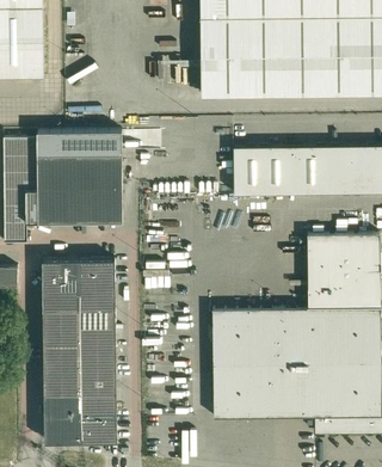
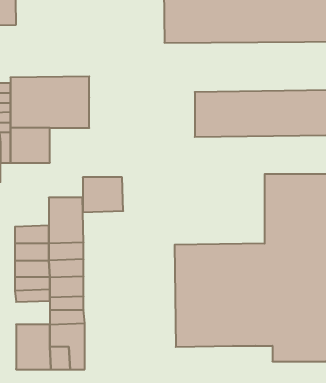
building: [79,185,122,222] -> [83,177,123,212]
building: [41,259,78,290] -> none
building: [43,369,79,394] -> none

